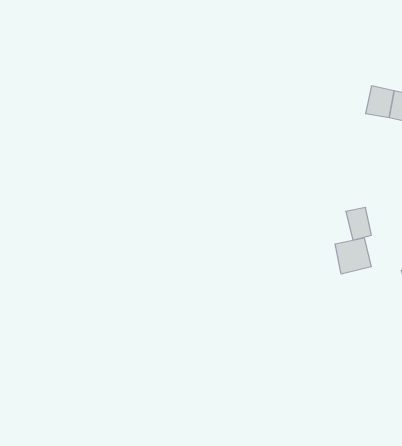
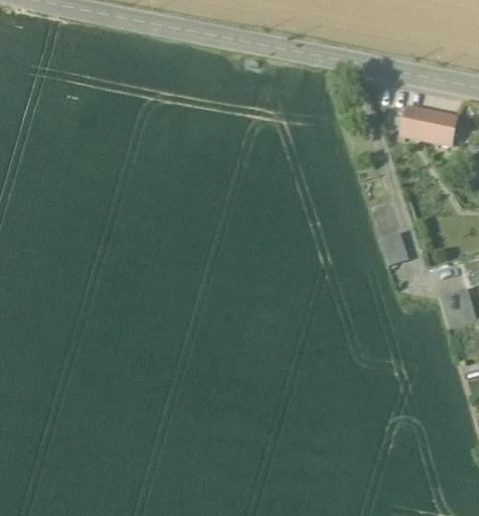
building: [335,238,371,274] -> none

